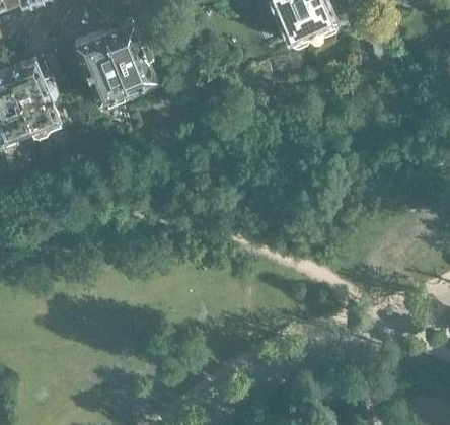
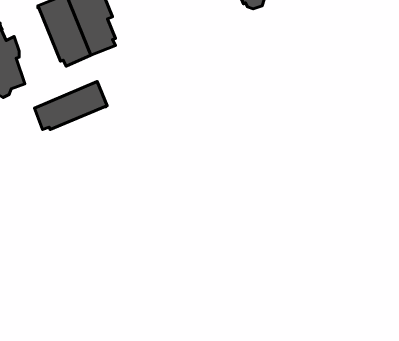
building: none -> [34,81,107,129]

